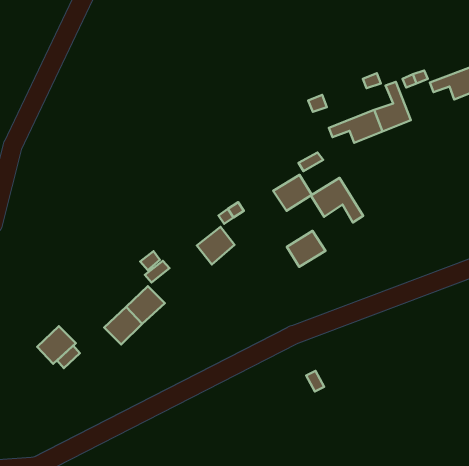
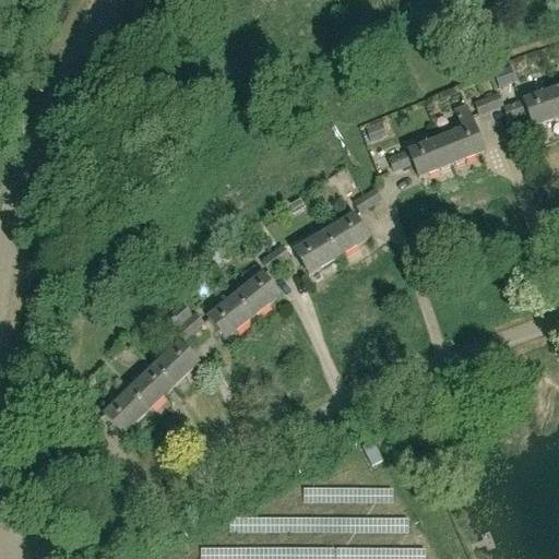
building: [311,178,363,223] -> none
building: [287,231,326,267] -> [295,229,340,271]
building: none -> [209,293,253,336]
building: [37,326,76,364] -> [104,388,148,431]

